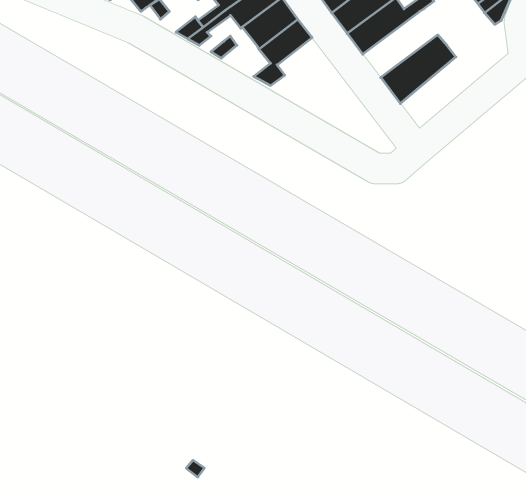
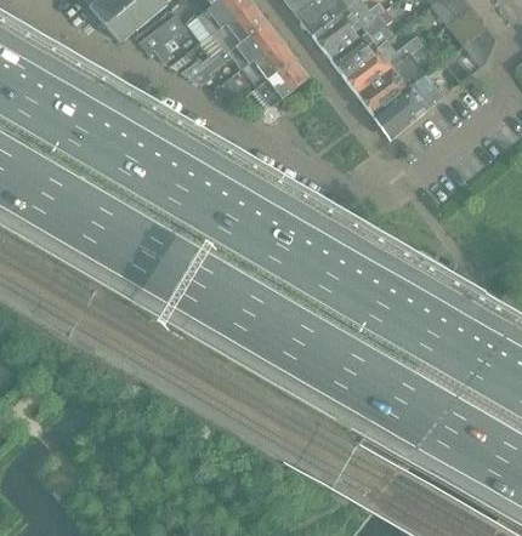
building: none -> [354,52,425,114]

